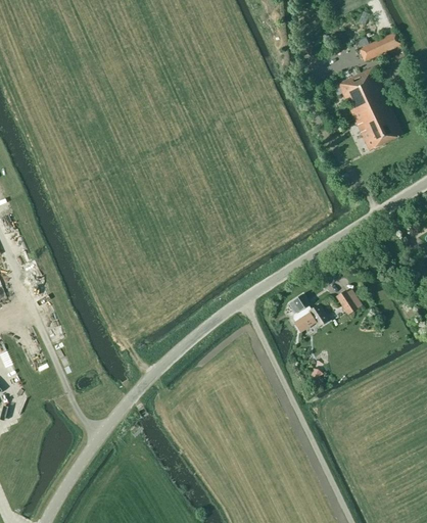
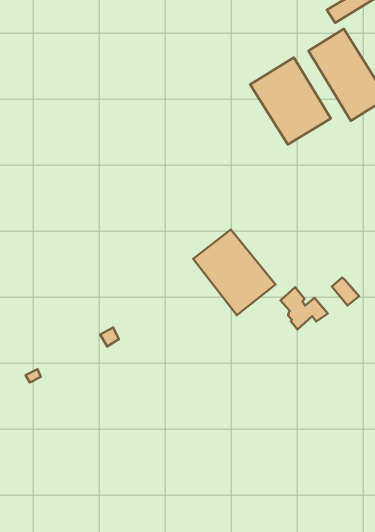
building: none -> [250,58,331,145]
building: none -> [193,229,275,315]

